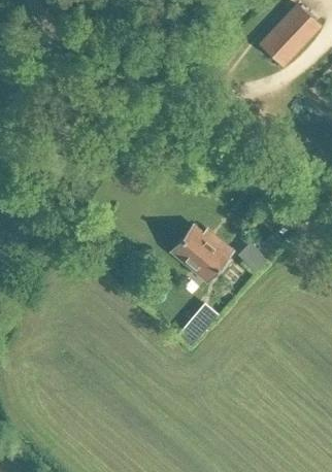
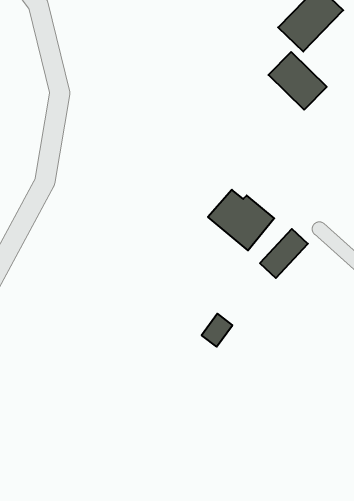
building: none -> [268,52,327,110]
building: [171,227,231,281] -> [208,190,274,250]

